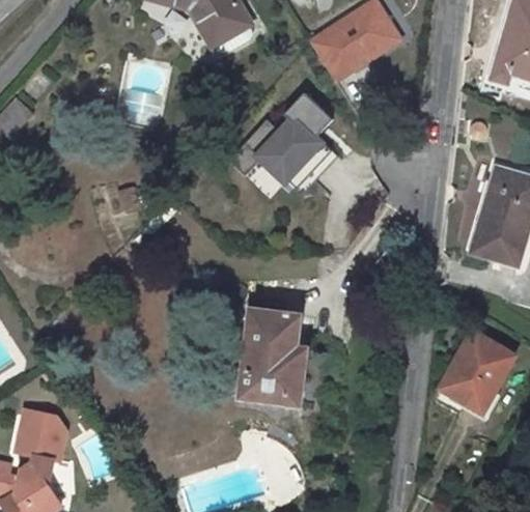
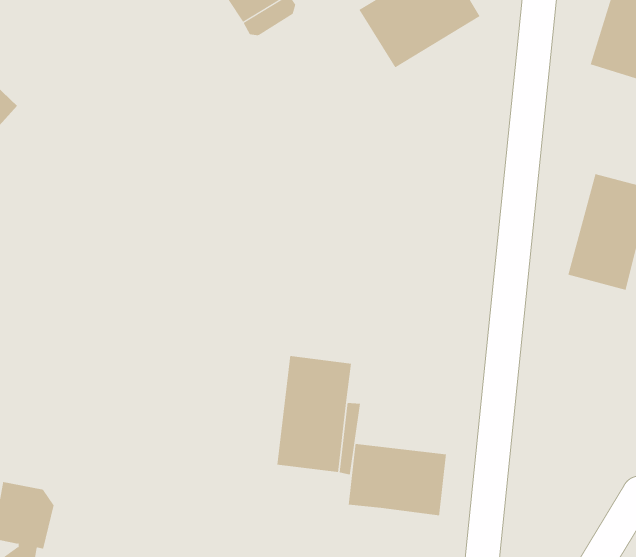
building: [245,91,335,197] -> none
building: [440,337,512,415] -> none
building: none -> [348,443,446,516]

